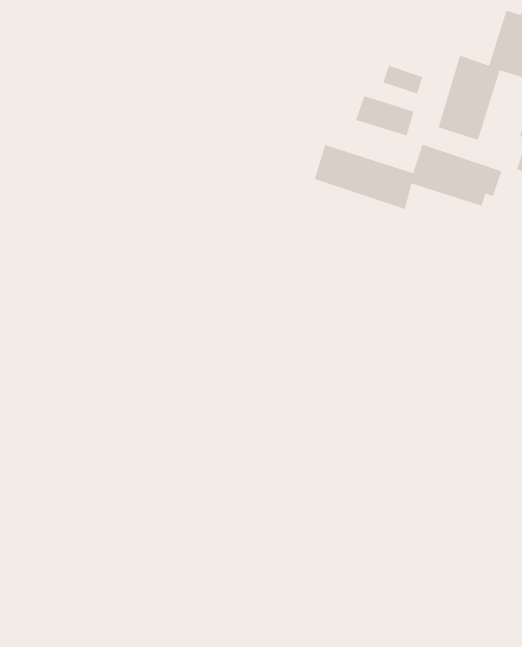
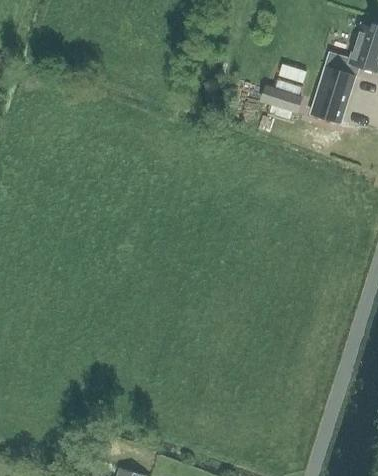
building: [314,144,502,210] -> none

